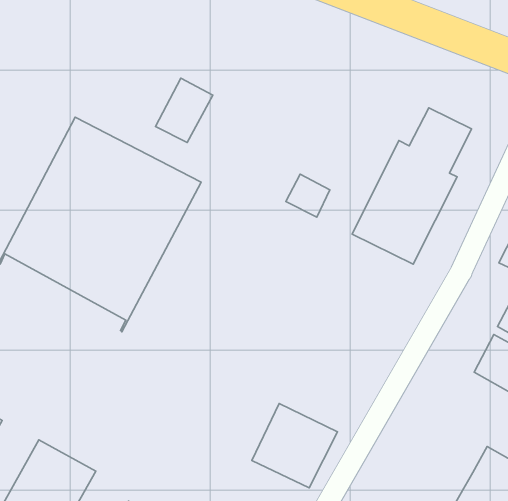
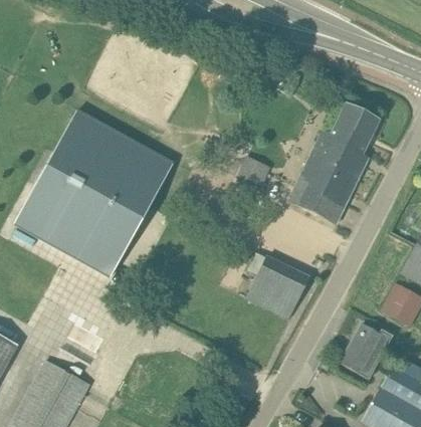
building: [155,78,213,142] -> none
building: none -> [340,324,394,380]
building: [252,403,338,488] -> [245,255,311,321]

